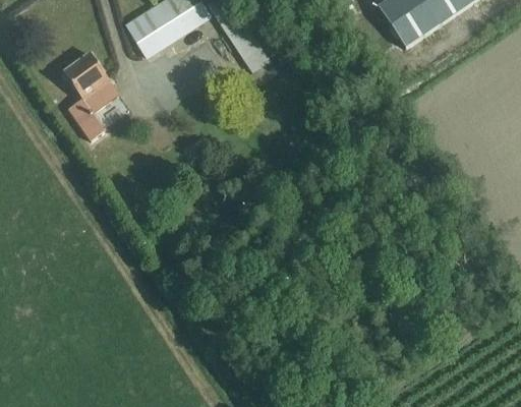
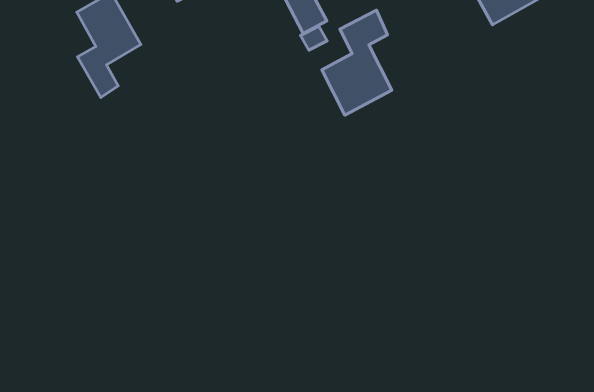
building: none -> [322,10,392,115]

